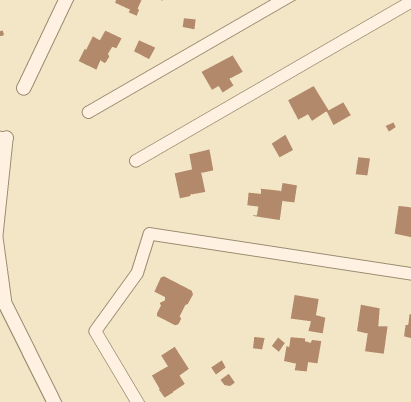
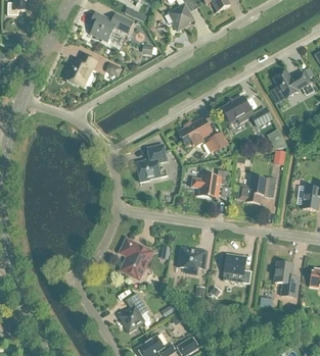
building: none -> [273,69,309,97]
building: [201,54,244,94] -> [178,117,211,147]
building: none -> [237,175,275,202]
building: [283,337,322,372] -> [177,247,207,273]

